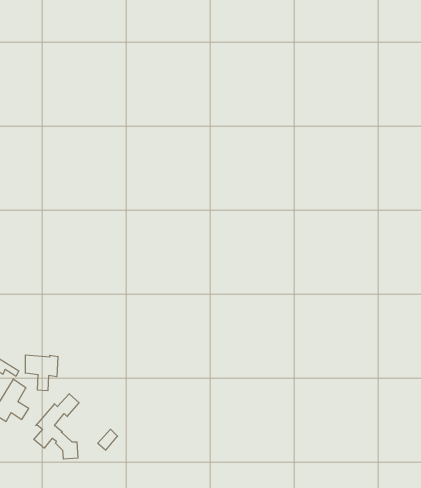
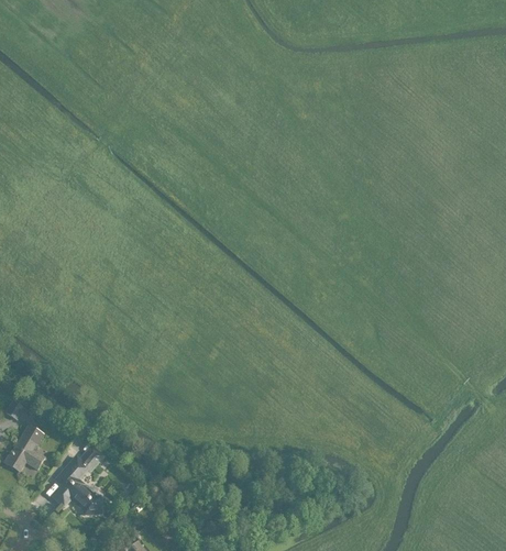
building: [25,355,58,391] -> none

